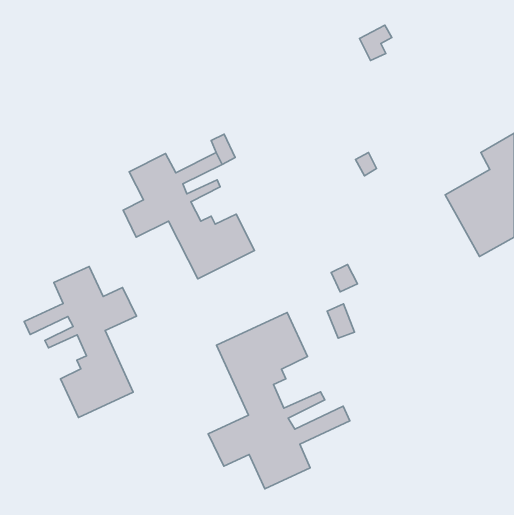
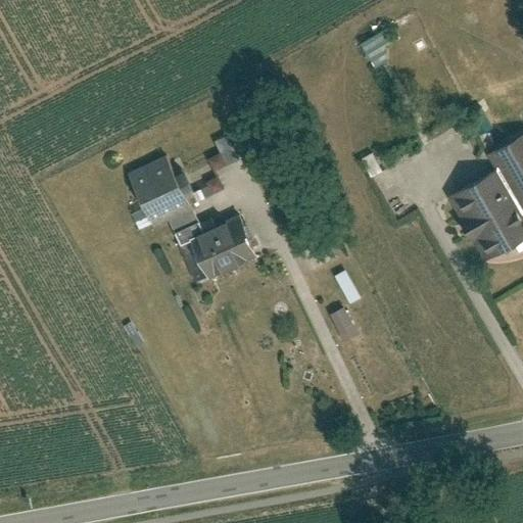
building: [24,266,136,417] -> none
building: [208,312,350,489] -> none

